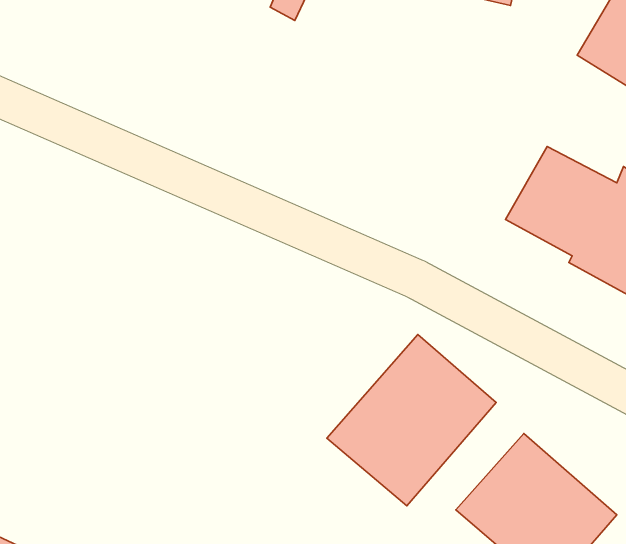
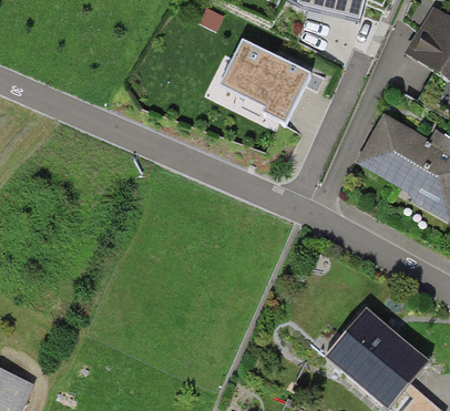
building: none -> [222,41,313,125]
building: [327,335,496,506] -> none

